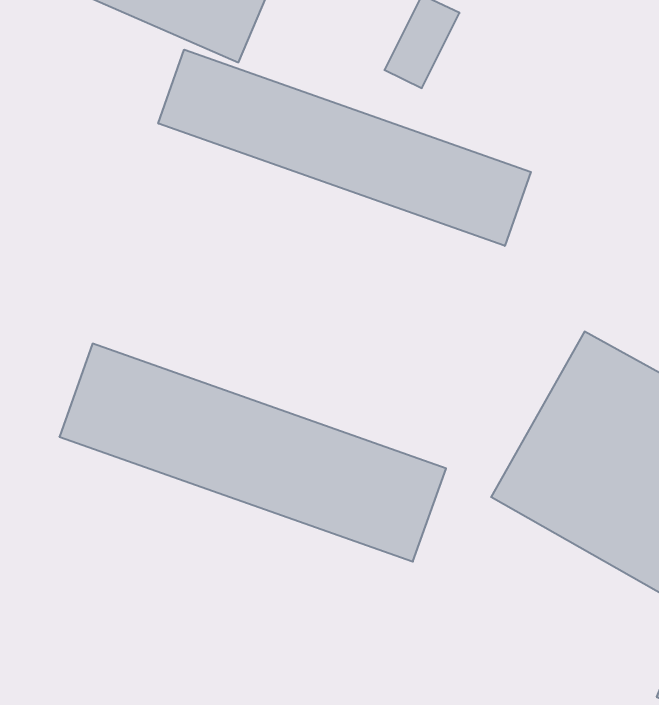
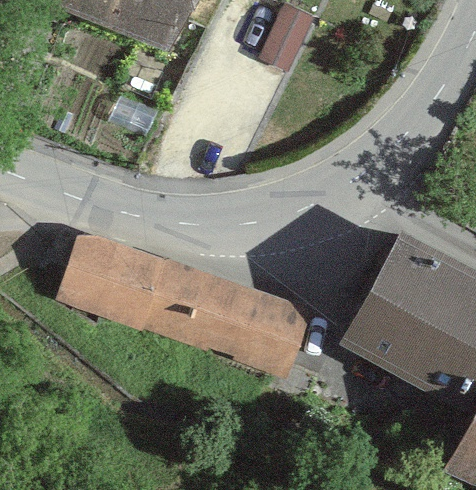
building: [158,50,531,246] -> none

